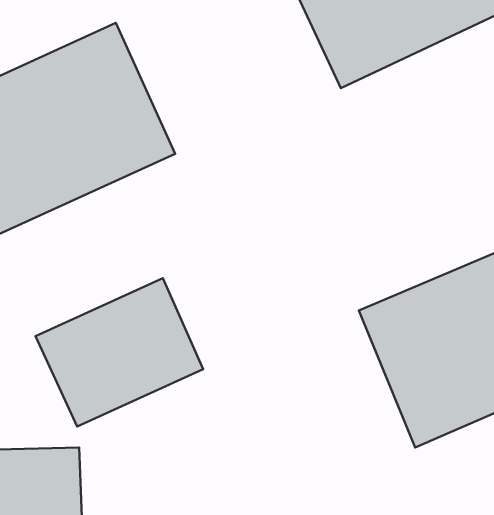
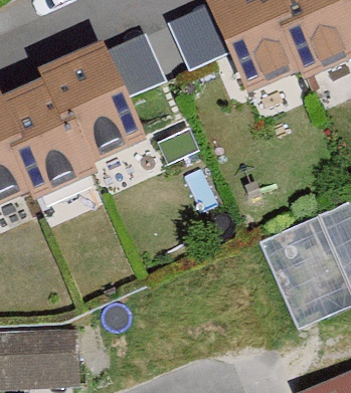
building: [35,278,203,427] -> none

